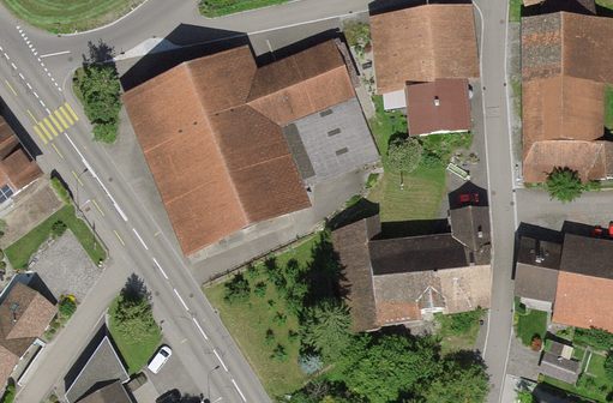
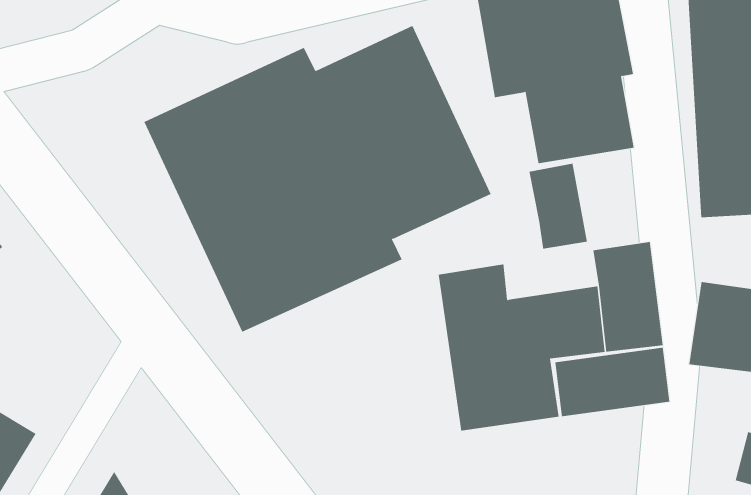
building: none -> [529,163,587,249]

